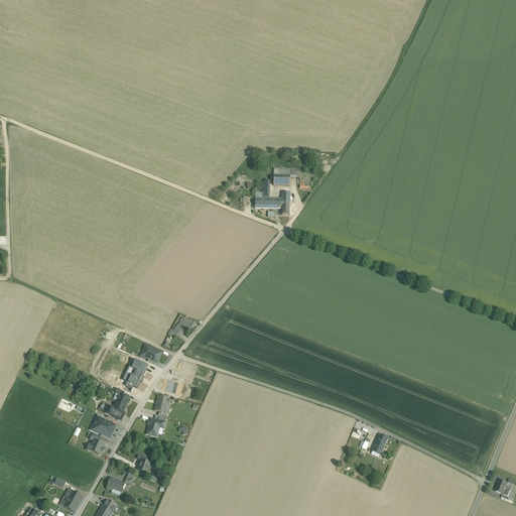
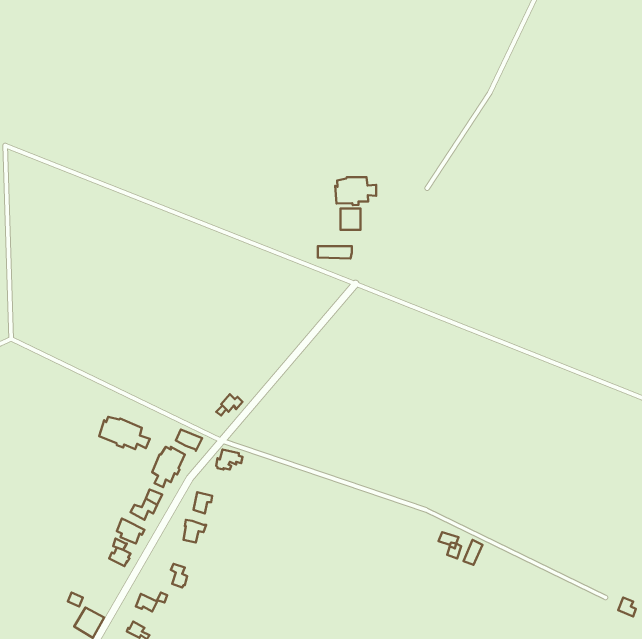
building: none -> [335,177,376,205]
building: none -> [99,417,150,449]

